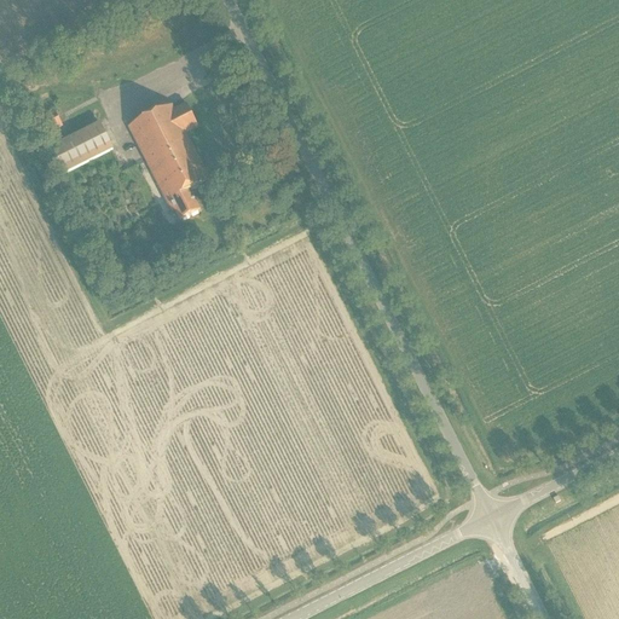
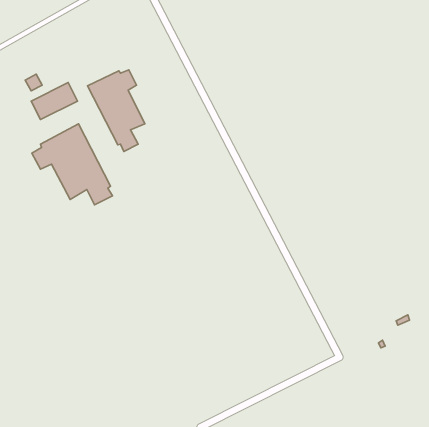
building: none -> [32,124,112,205]

